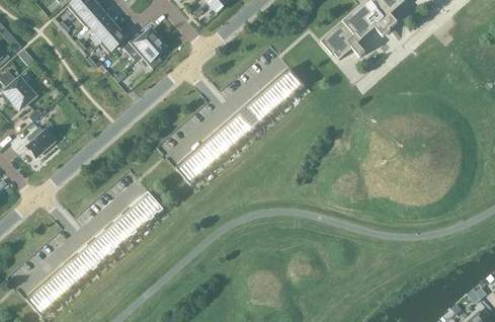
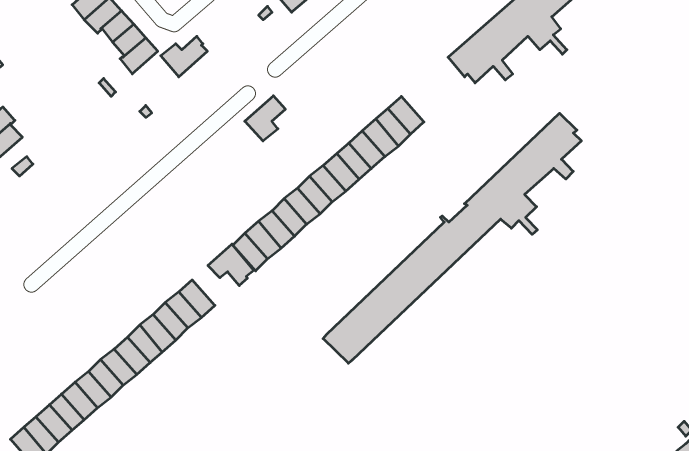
building: [140,36,167,67] -> [245,96,285,141]
building: none -> [323,113,581,363]
building: [25,127,53,156] -> none
building: none -> [208,244,254,286]

